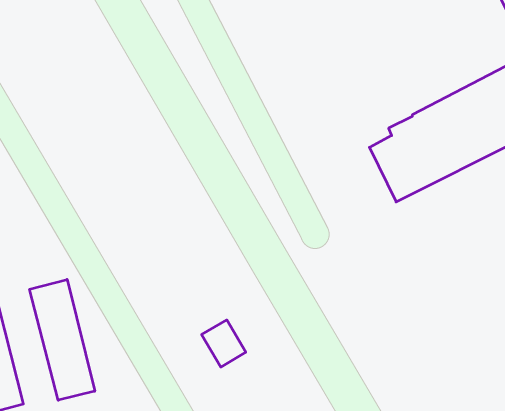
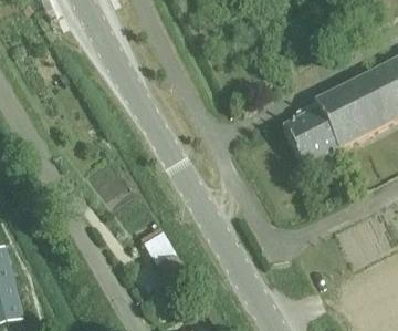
building: [30,279,95,400] -> none

